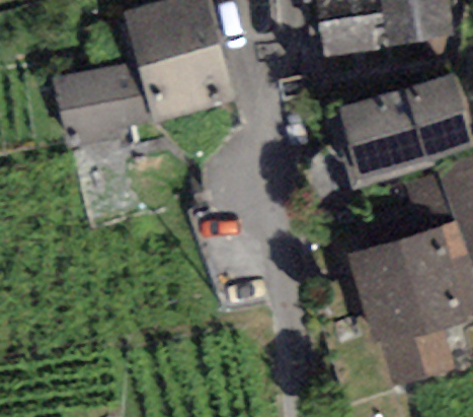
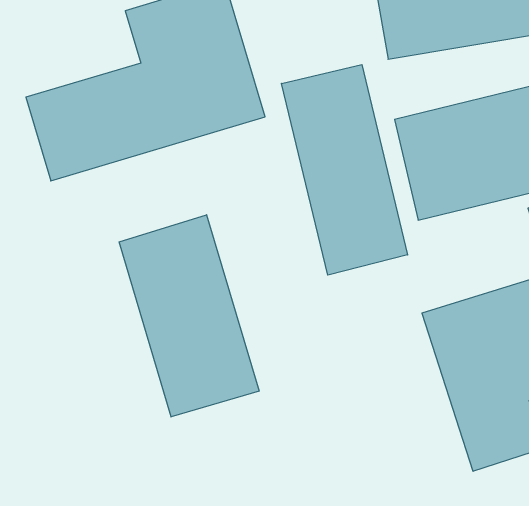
building: none -> [281,65,408,275]
building: none -> [119,215,259,417]

